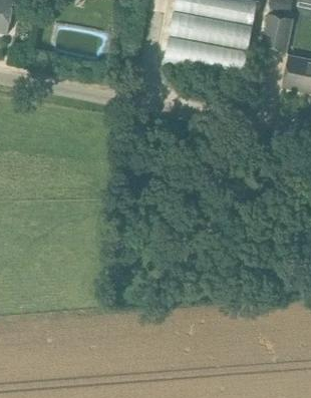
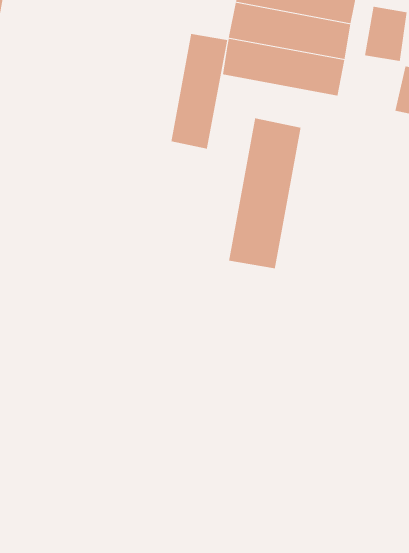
building: none -> [171,33,228,149]
building: none -> [228,117,301,269]

